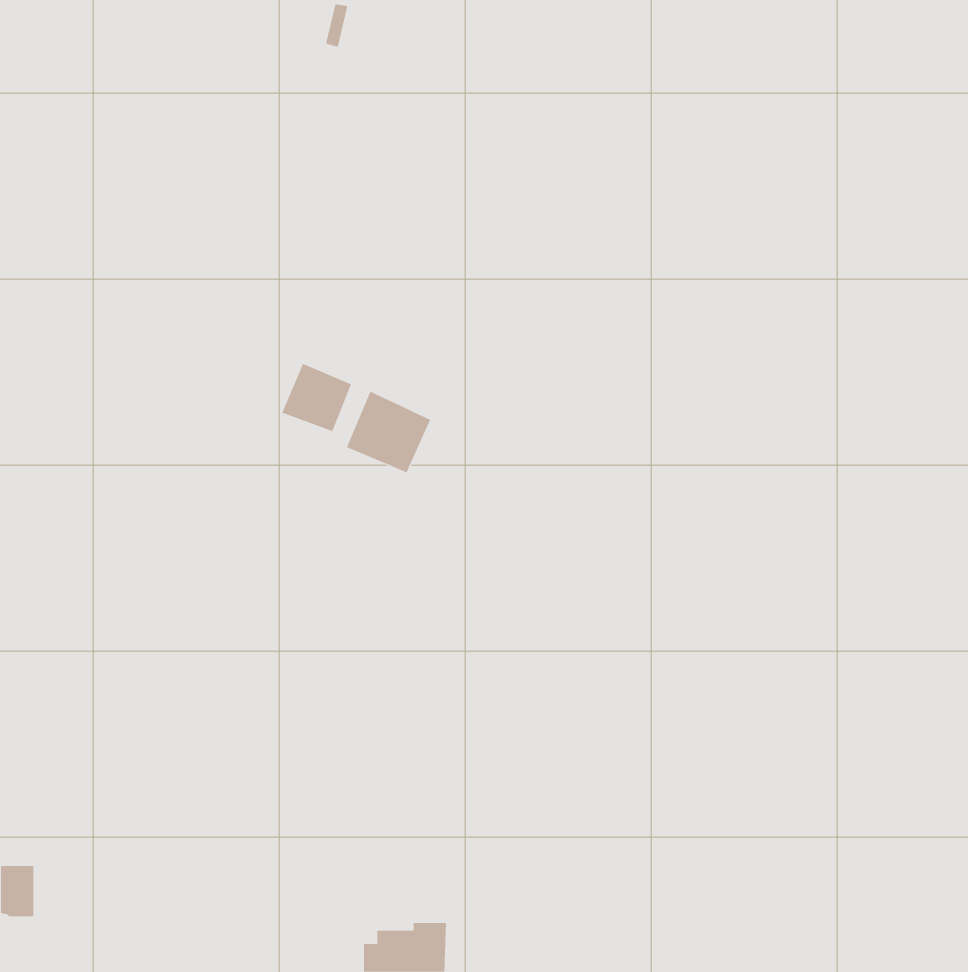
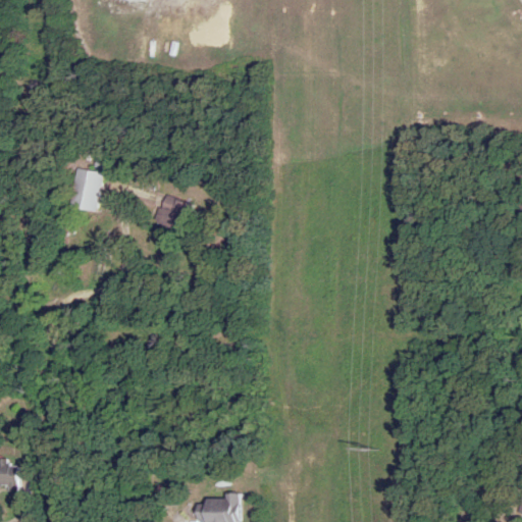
building: none -> [69,168,101,212]
building: [346,391,431,473] -> none

